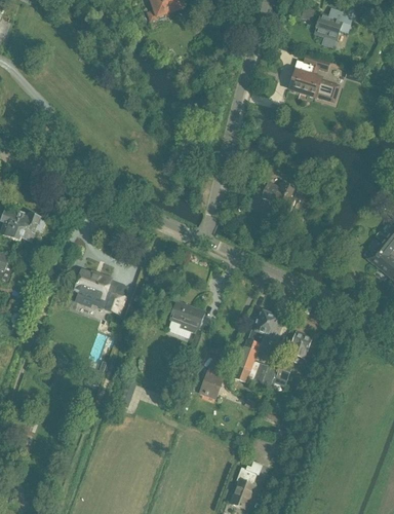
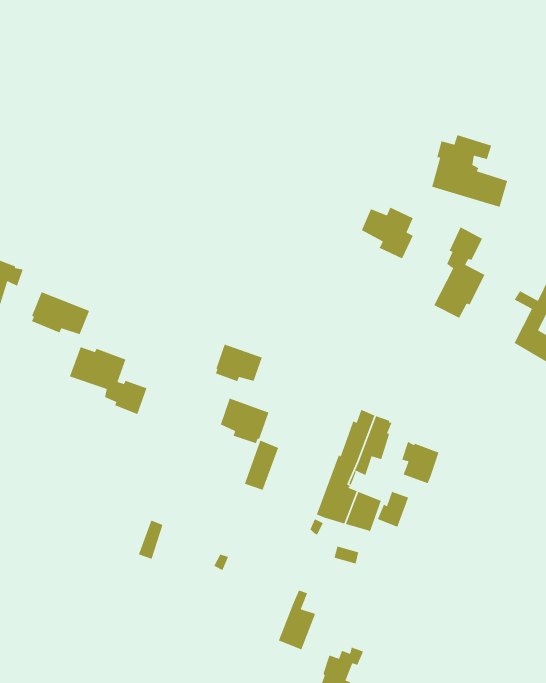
building: [290,53,340,101] -> [431,134,508,208]
building: none -> [433,226,485,319]
building: none -> [31,291,90,335]
building: none -> [215,344,263,382]
building: [199,359,224,398] -> [278,590,316,651]

